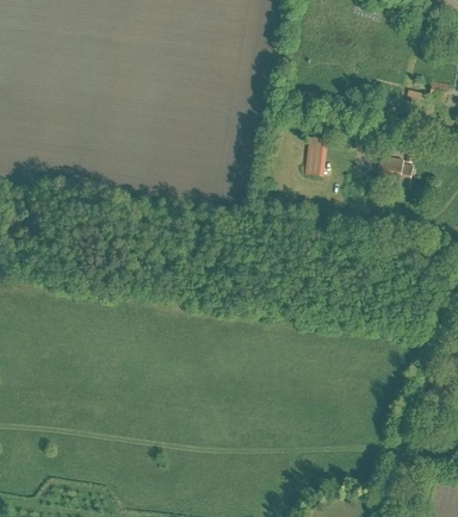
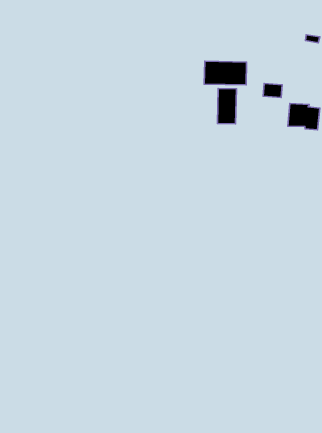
building: none -> [204,61,247,85]

